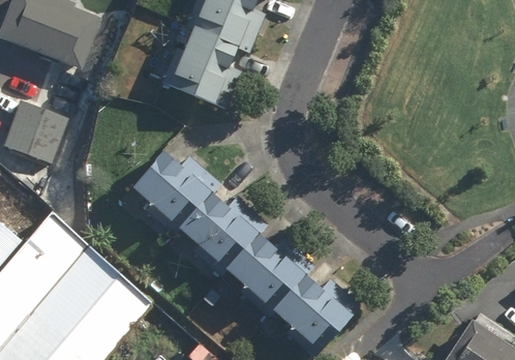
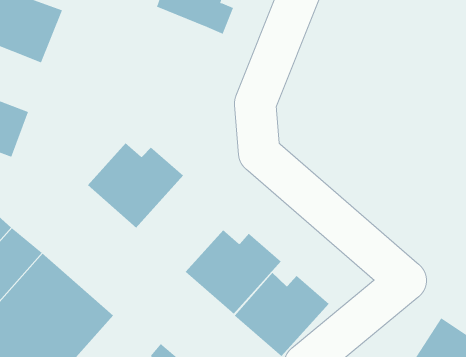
building: [163,13,244,112] -> none
building: [173,188,267,272] -> none

